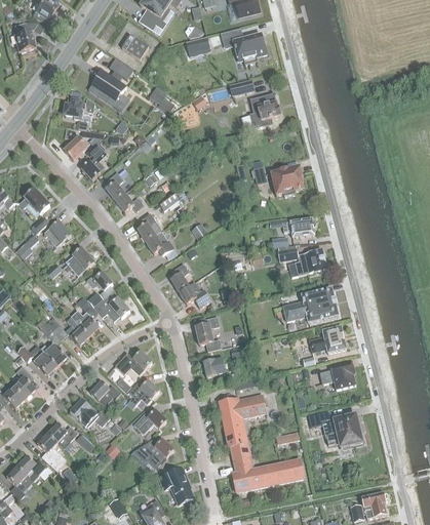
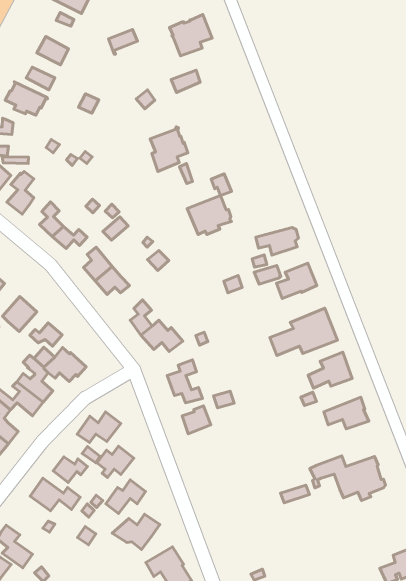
building: [249,93,279,128] -> [150,127,188,172]
building: [270,165,305,196] -> [187,195,231,235]
building: [218,394,304,492] -> none
building: [46,421,77,447] -> none

